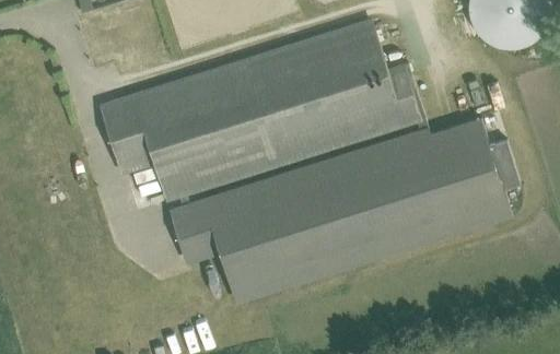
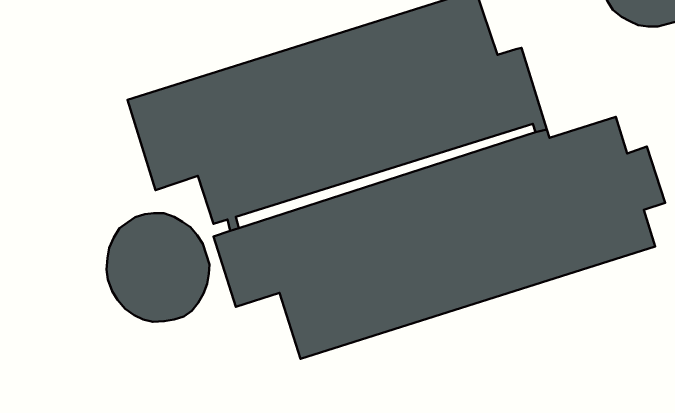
building: none -> [107,213,209,322]

